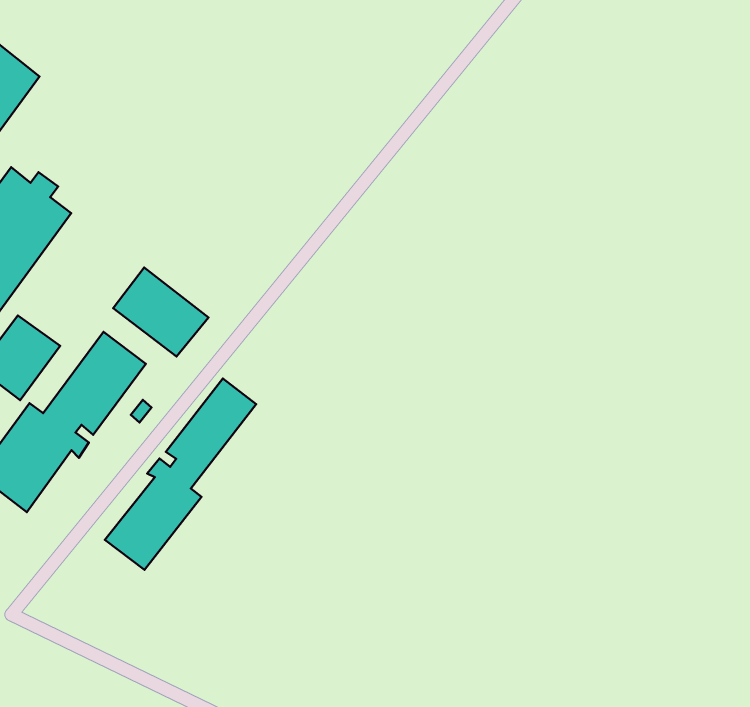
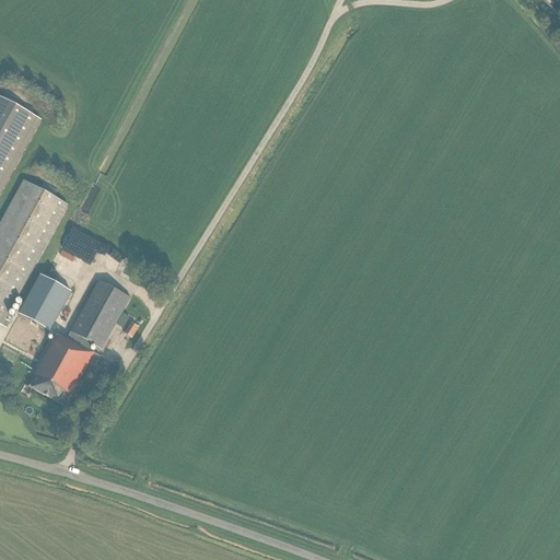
building: [113,268,208,357] -> none
building: [105,379,256,570] -> none

